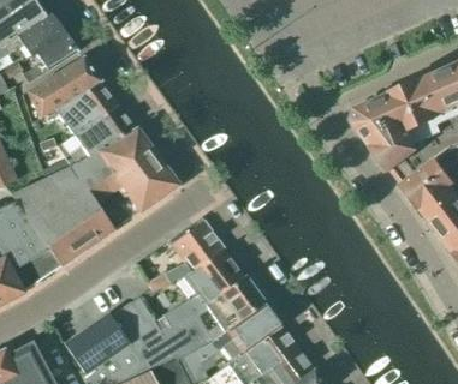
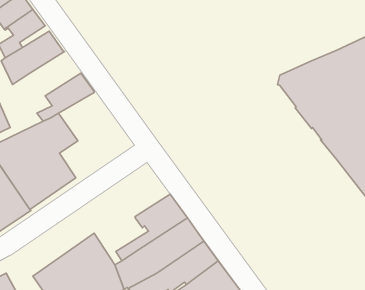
building: [61,80,121,132] -> none
building: [95,128,178,210] -> none
building: [149,220,226,290] -> none

